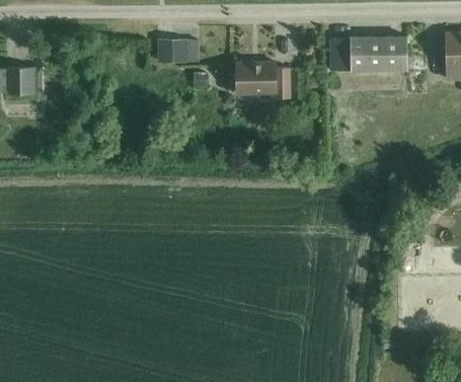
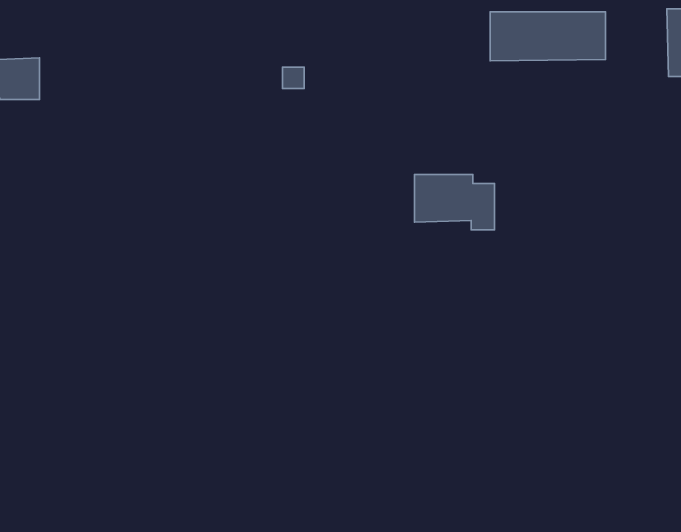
building: [157,40,186,63] -> none
building: [236,62,289,98] -> [414,174,494,230]

